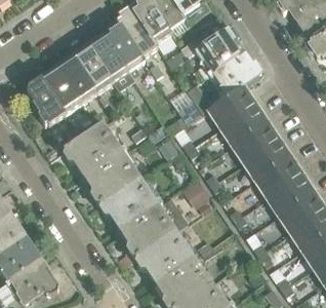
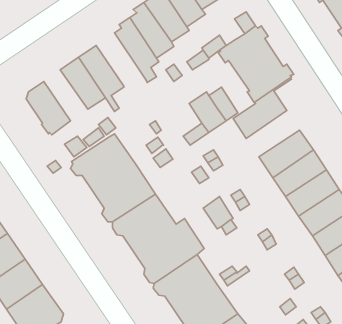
building: [87,35,134,91] -> none
building: [41,68,80,113] -> none
building: [219,104,267,145] -> none

